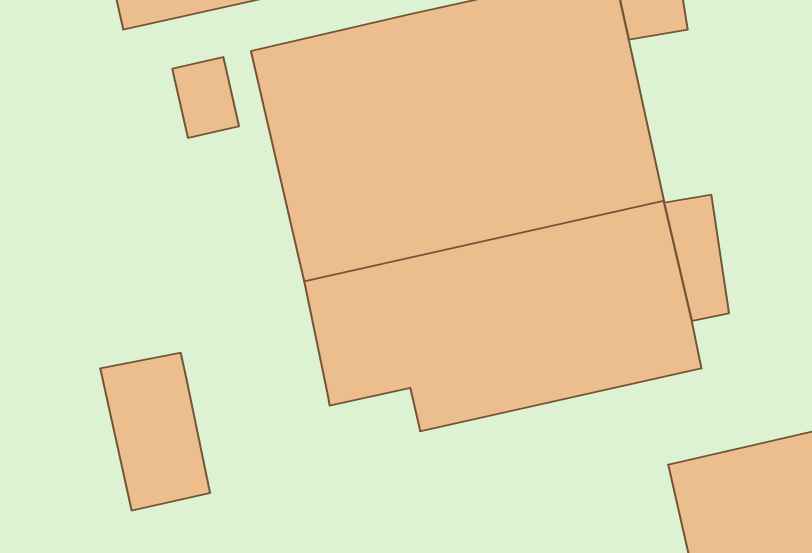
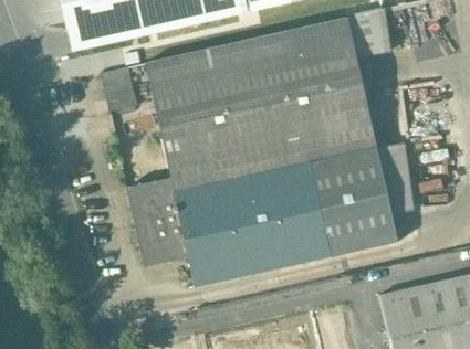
building: [100,353,210,510] -> [126,177,188,265]
building: none -> [189,251,240,285]

